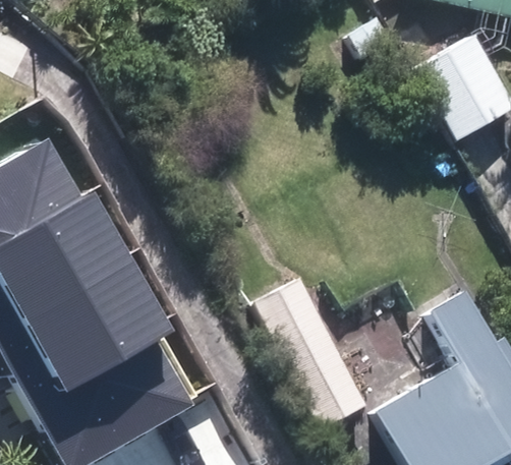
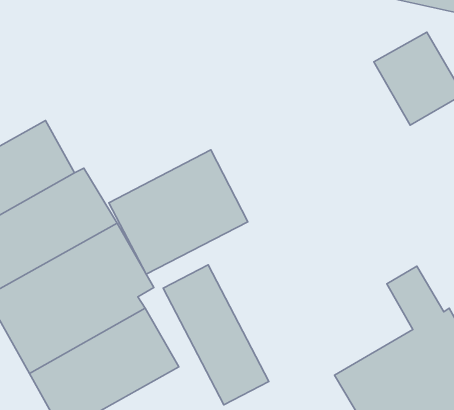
building: none -> [109,150,248,274]
building: [249,279,364,431] -> [163,265,269,405]

